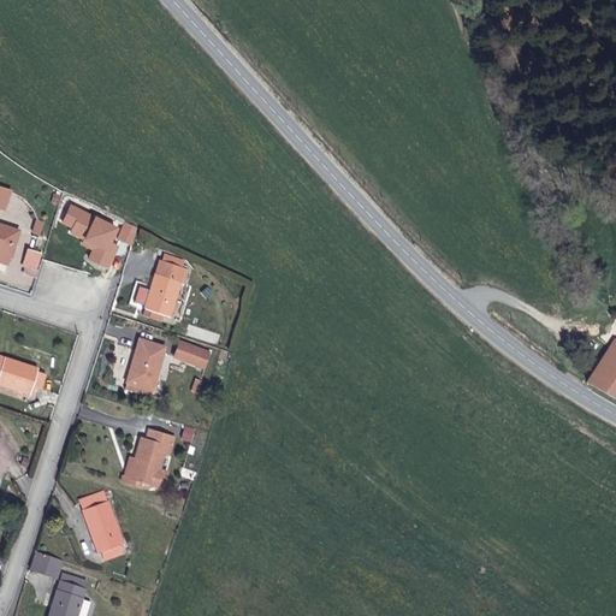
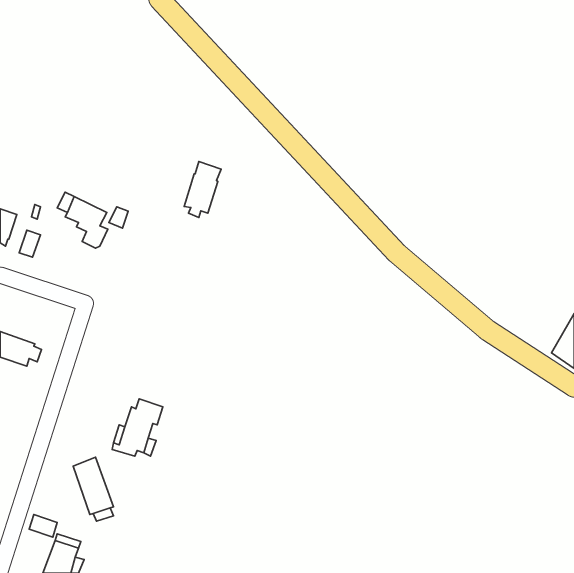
building: [143,260,183,320] -> [184,161,221,218]
building: [125,338,164,393] -> none
building: [173,340,208,367] -> none

